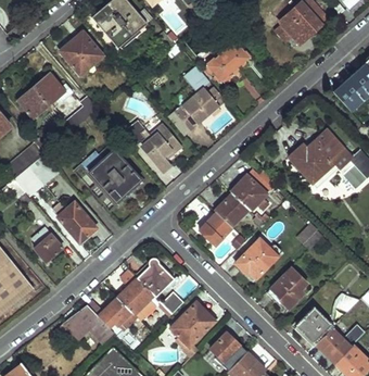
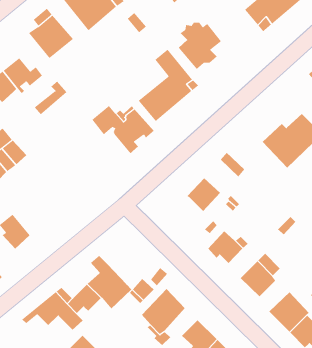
building: [80,149,141,203] -> none
building: [232,174,266,209] -> none
building: [58,201,96,241] -> none
building: [200,211,232,243] -> none
building: [138,255,174,296] -> none

